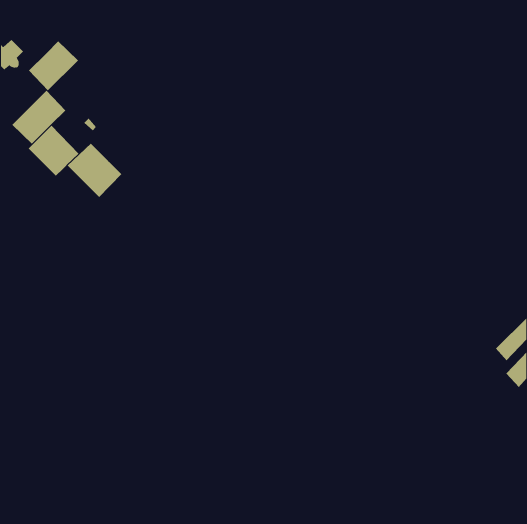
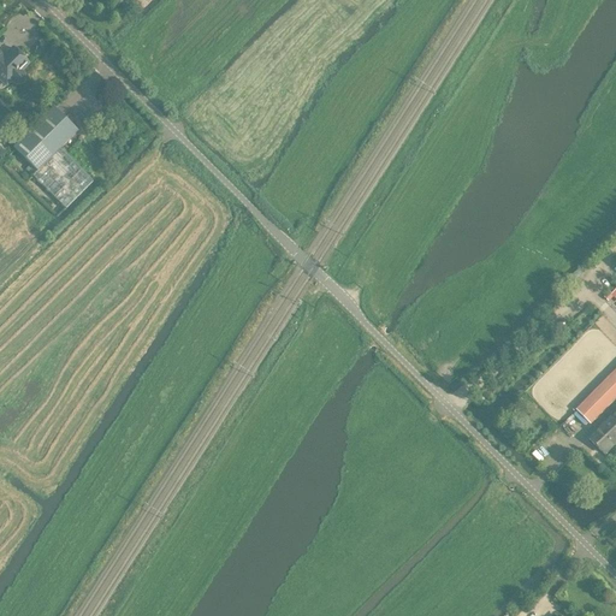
building: [28,41,79,91] -> none
building: [67,143,122,198] -> none

